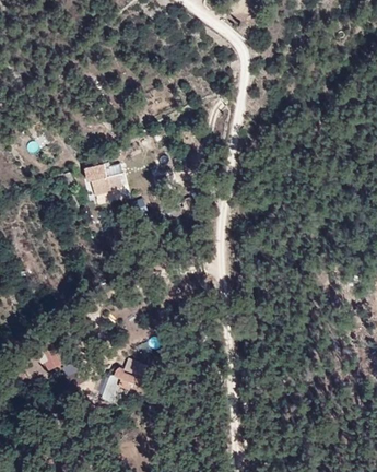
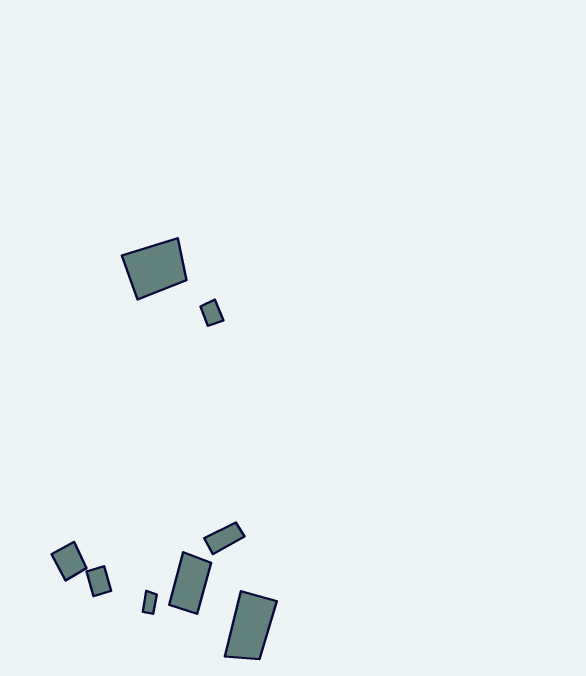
building: none -> [225,591,277,659]

